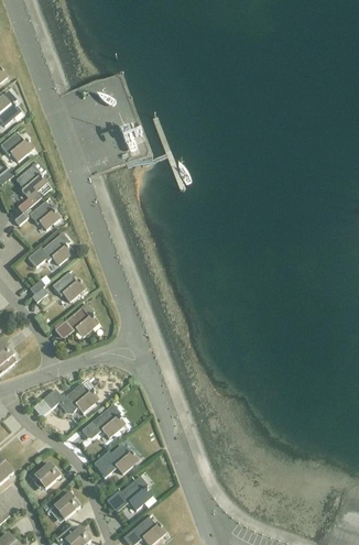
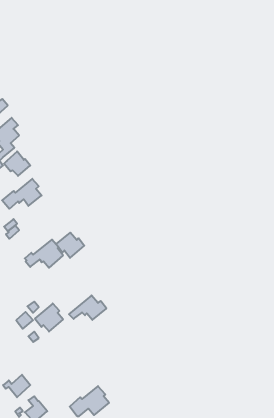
building: [52,271,85,301] -> [56,233,84,258]
building: [80,407,124,436] -> [69,295,106,320]
building: [93,443,138,476] -> none

